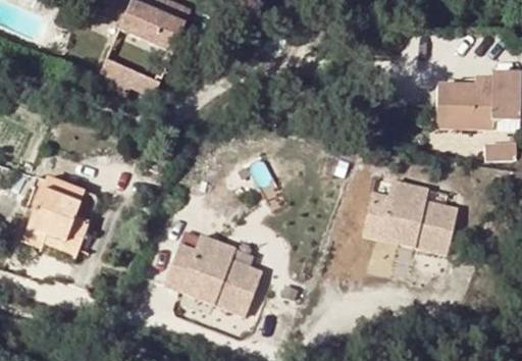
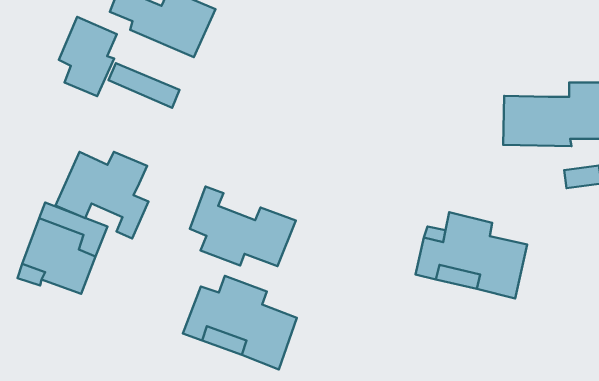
building: none -> [59,17,117,96]
building: none -> [56,152,148,238]
building: none -> [190,186,296,266]

